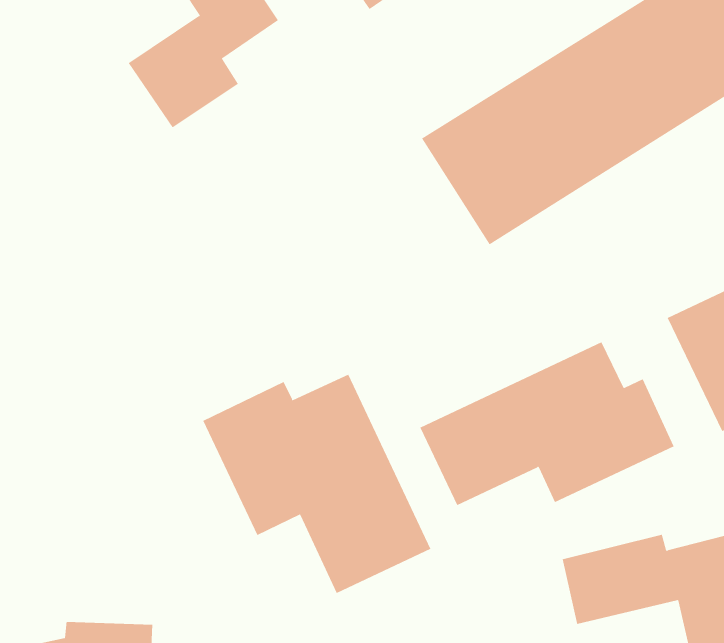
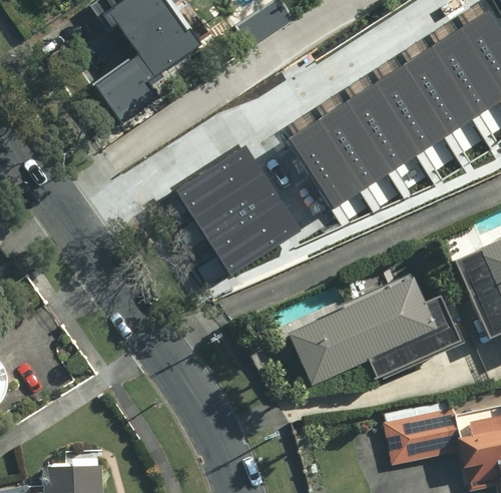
building: none -> [178,145,301,273]
building: [203,374,431,594] -> none

